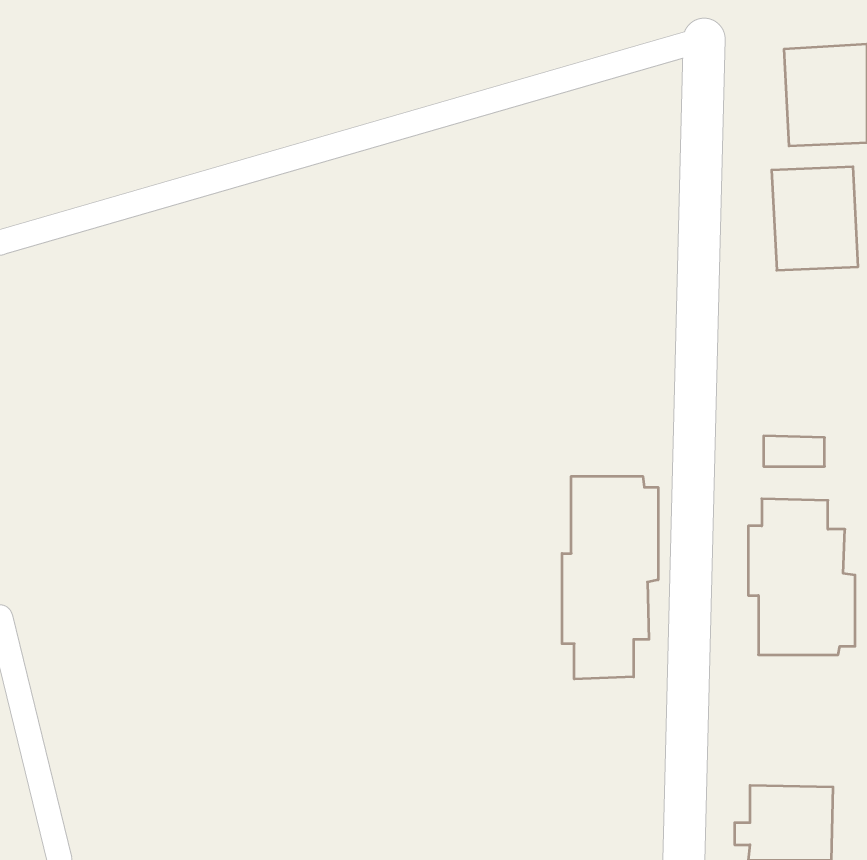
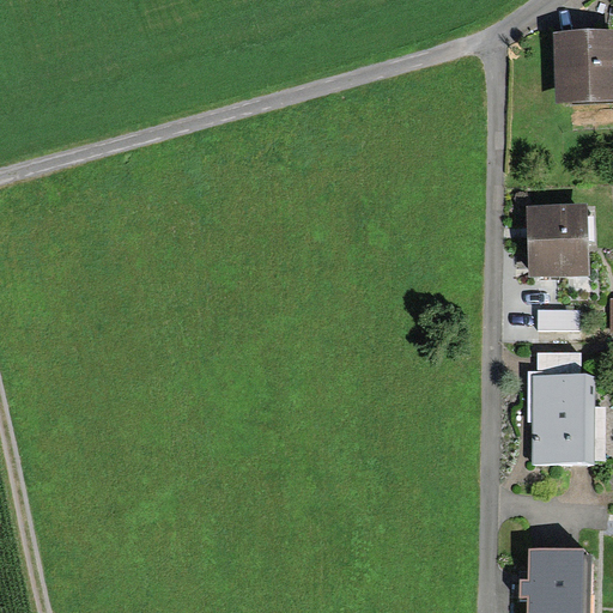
building: [772,167,858,270] -> [527,205,588,278]
building: [562,476,658,679] -> none

